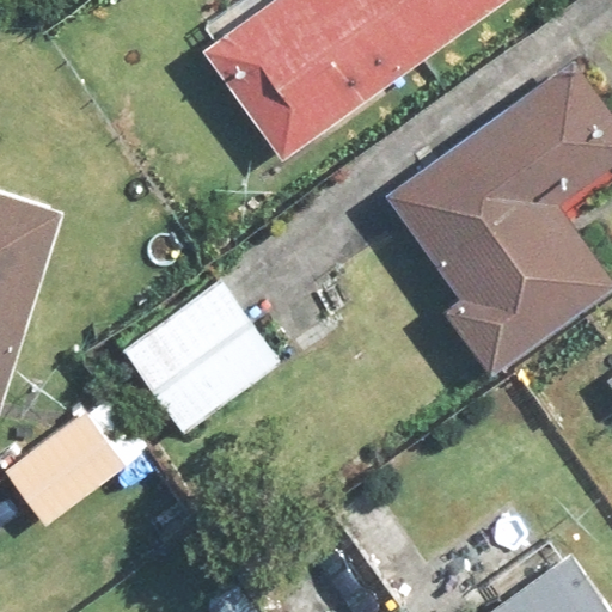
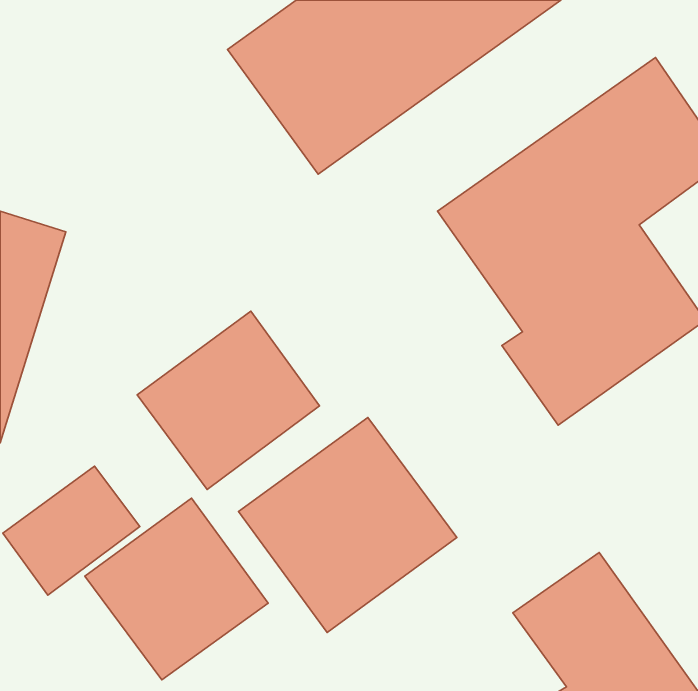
building: none -> [238,418,457,633]
building: none -> [85,498,268,680]

